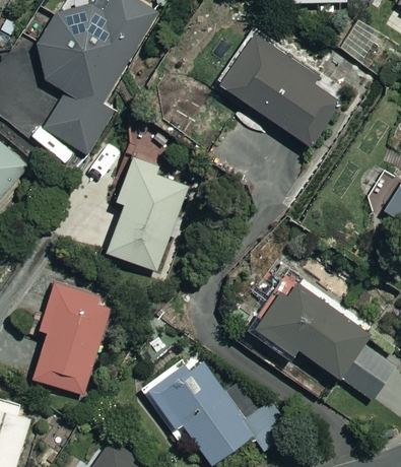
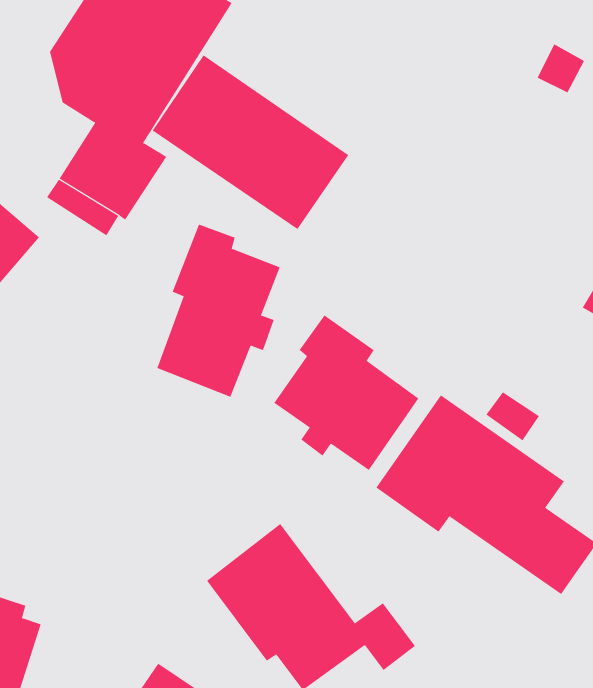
building: [217,31,346,146] -> [152,54,349,230]
building: none -> [274,314,419,471]
building: [34,279,114,393] -> none

